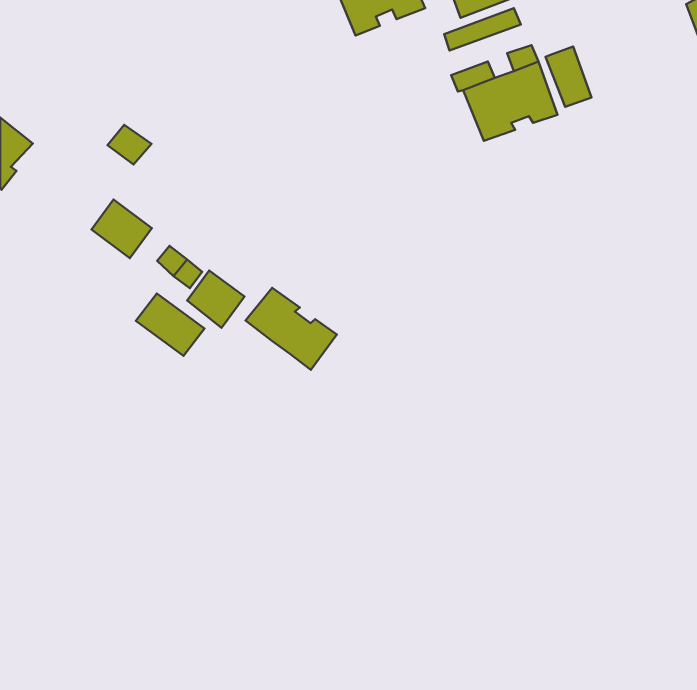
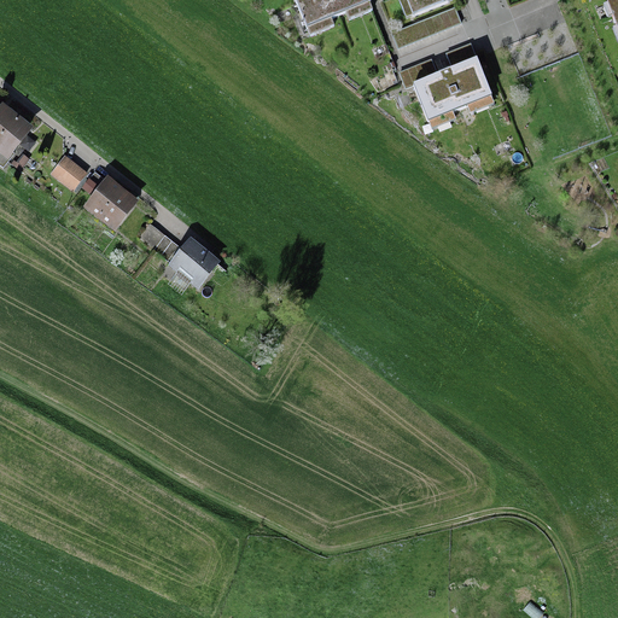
building: [546,47,591,107] -> none
building: [108,125,151,164] -> [51,153,89,188]
building: [246,288,337,370] -> none
building: [136,294,204,356] -> none

